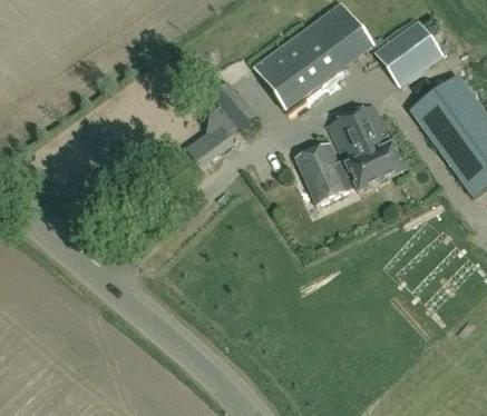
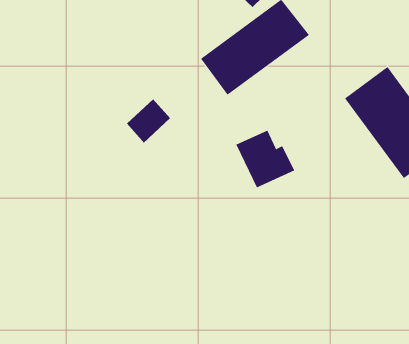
building: [376,21,442,85] -> none
building: [210,79,255,127] -> none
building: [329,103,402,189] -> none

